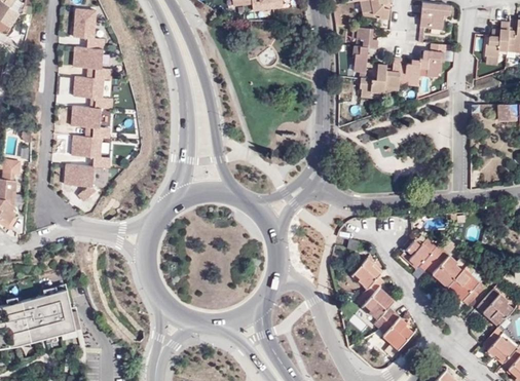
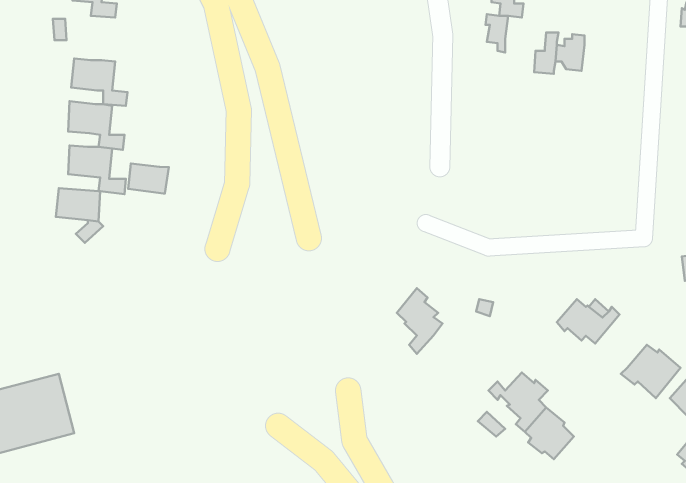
building: [419,44,445,73] -> none
building: [73,47,111,80] -> none
building: [361,65,386,94] -> none
building: none -> [128,164,169,194]
building: [426,250,461,285] -> none
building: [352,257,383,301] -> [397,288,443,354]

